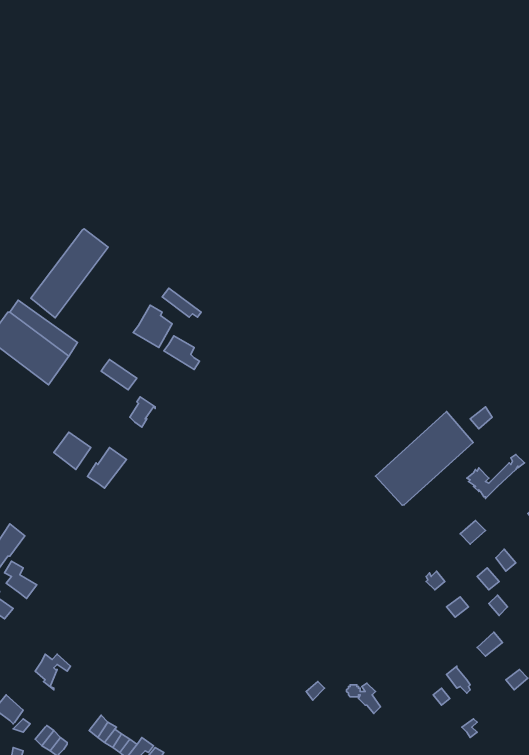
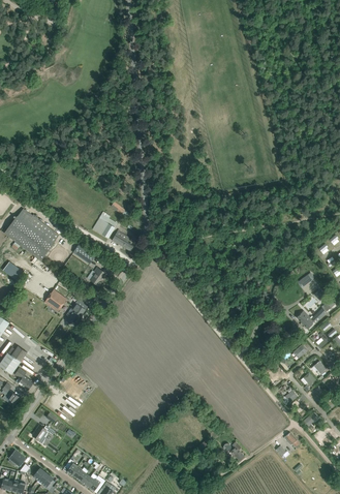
building: [31,229,108,318] -> none
building: [376,411,473,505] -> none

